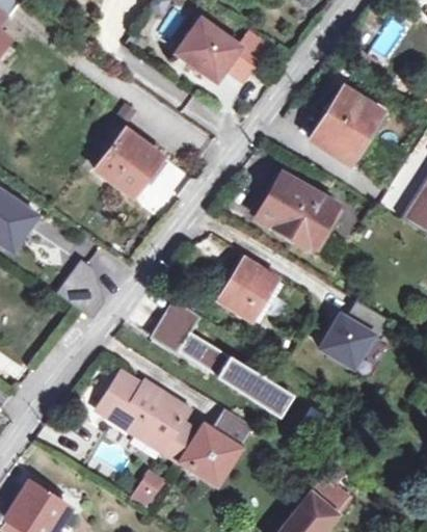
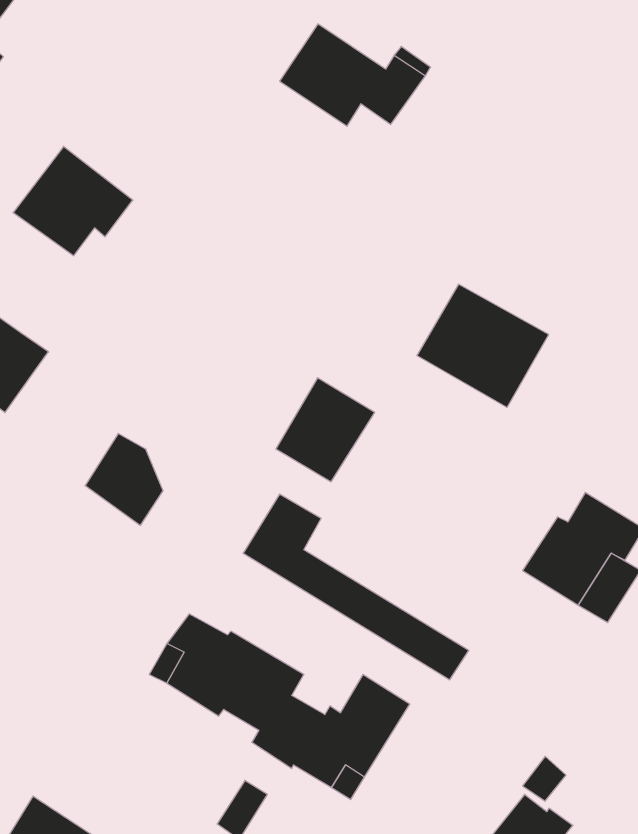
building: [310,85,384,164] -> none
building: [95,130,166,195] -> [13,146,133,256]
building: [218,257,277,319] -> [276,378,375,482]

